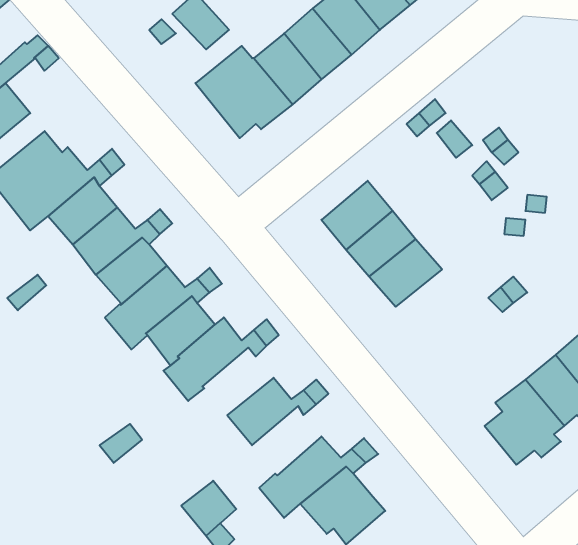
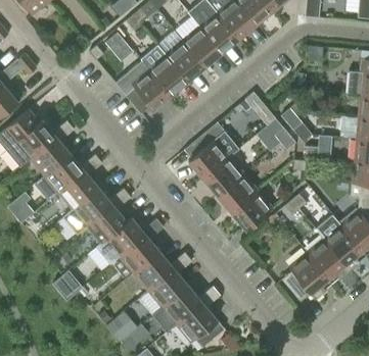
building: none -> [231,189,272,228]
building: none -> [120,234,160,272]
building: none -> [148,267,188,307]

